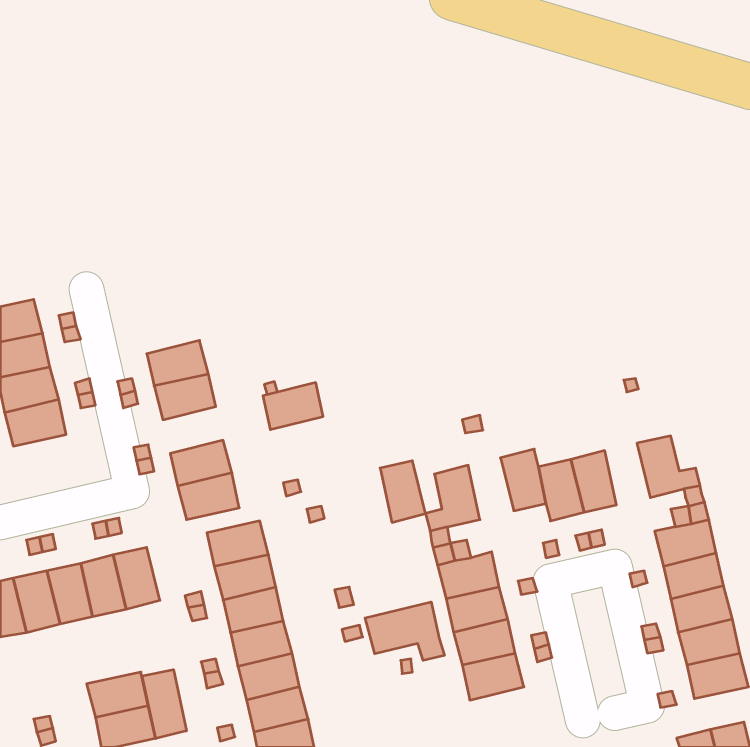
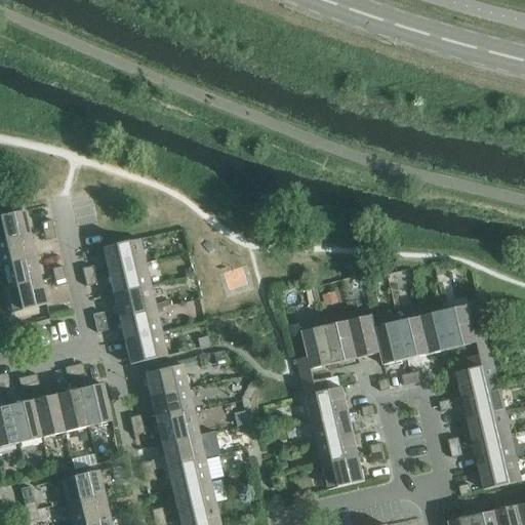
building: [263,383,323,430] -> [114,284,156,317]
building: none -> [422,310,454,353]
building: [380,461,426,522] -> [327,320,359,363]
building: [365,602,444,660] -> none
building: [142,670,186,739] -> none

